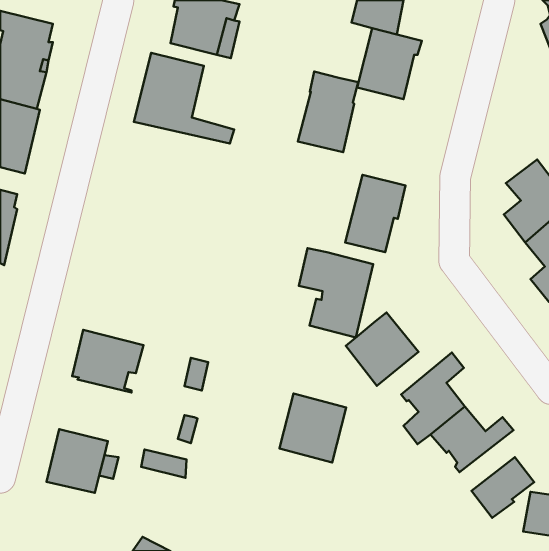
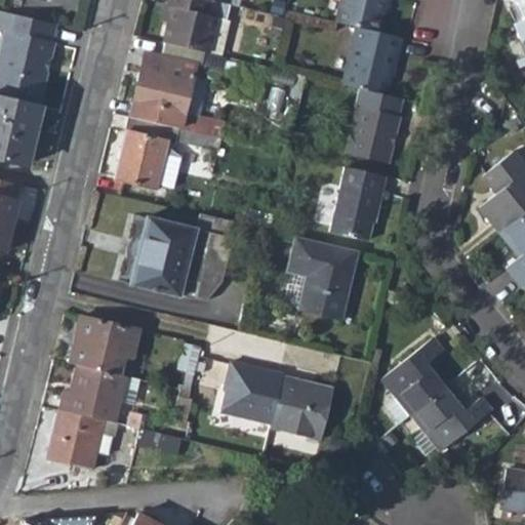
building: [298,71,358,152] -> [347,88,404,165]
building: none -> [114,116,220,189]
building: none -> [129,213,237,300]
building: [346,312,419,386] -> none
building: none -> [218,359,281,422]
building: none -> [58,361,127,421]
building: [471,457,534,518] -> none

